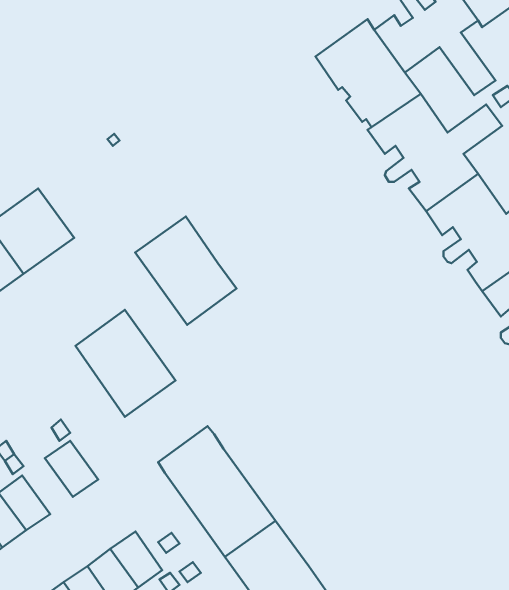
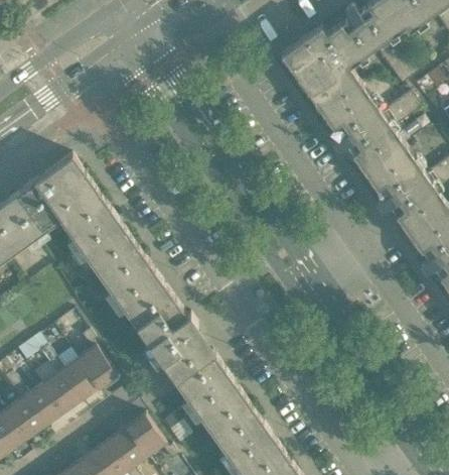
building: [135,217,236,325] -> [58,193,135,274]
building: none -> [135,301,197,362]
building: none -> [57,359,96,401]

